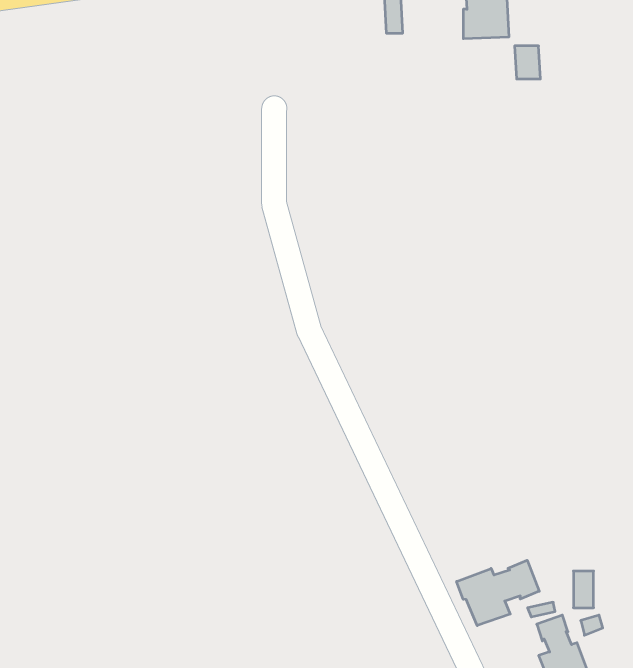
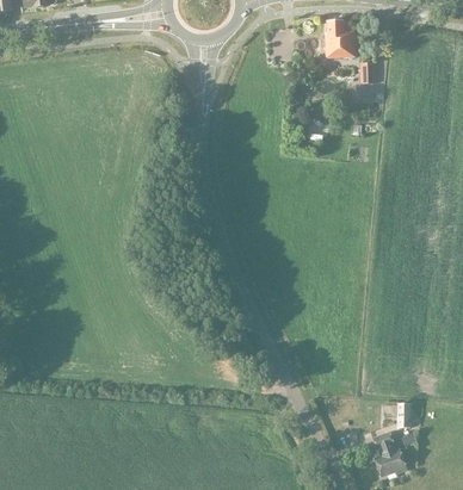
building: [457,560,539,626] -> none

